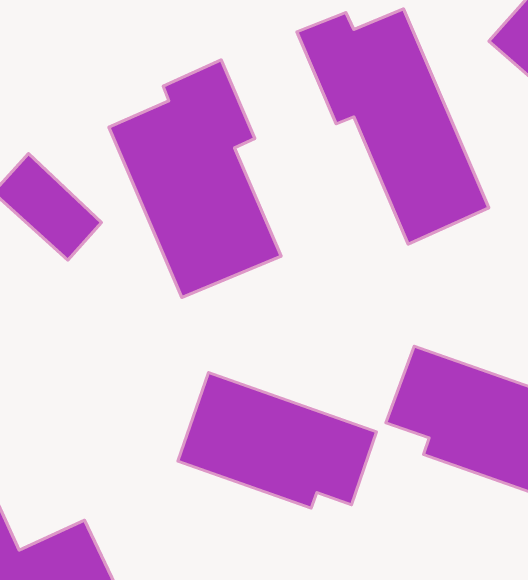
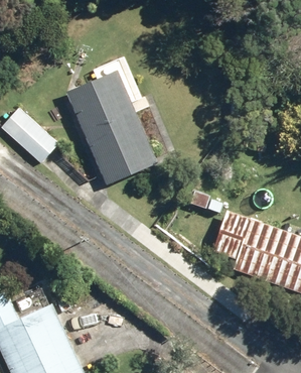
building: [297,9,489,244] -> none
building: [178,372,376,508] -> none

